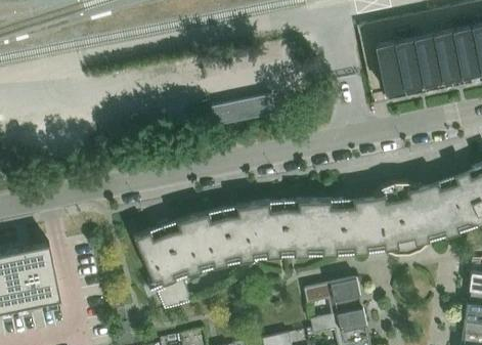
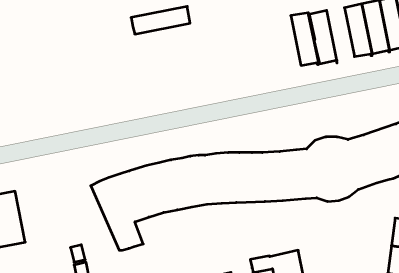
building: [395,39,426,97] -> [291,13,318,65]
building: [210,94,275,125] -> [131,6,190,34]
building: [304,277,363,315] -> none

